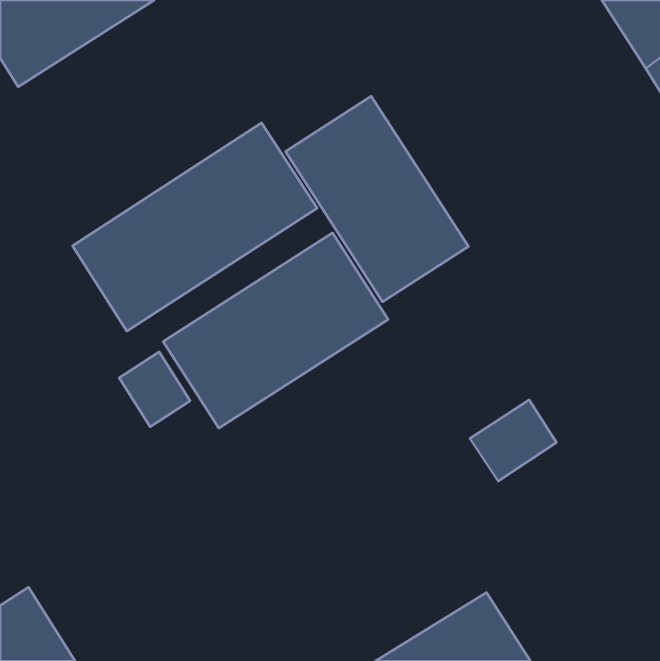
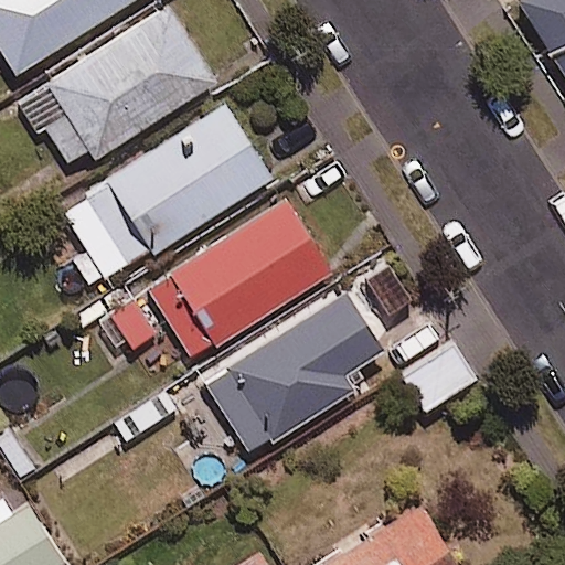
building: none -> [24,6,216,174]
building: [285,96,469,302] -> none
building: none -> [204,291,384,455]

